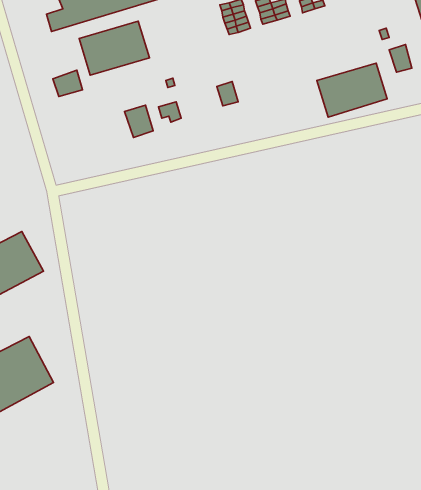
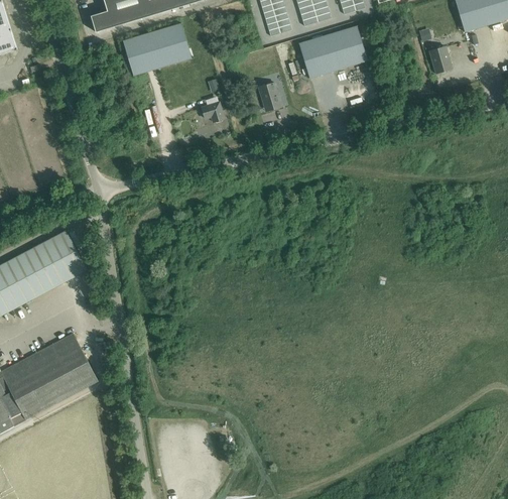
building: [317,63,387,117] -> [297,25,367,79]
building: [53,70,83,97] -> none
building: [124,105,153,137] -> none

